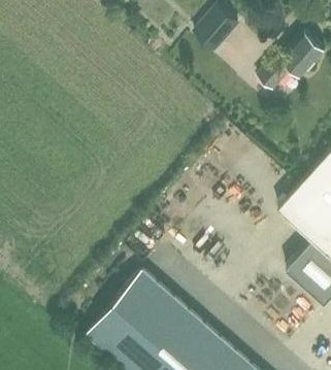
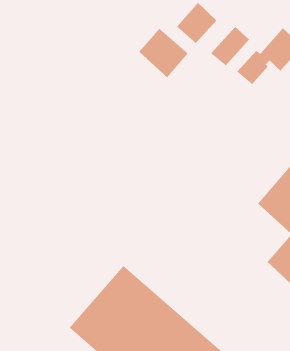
building: none -> [210,26,250,66]
building: none -> [138,28,188,78]

